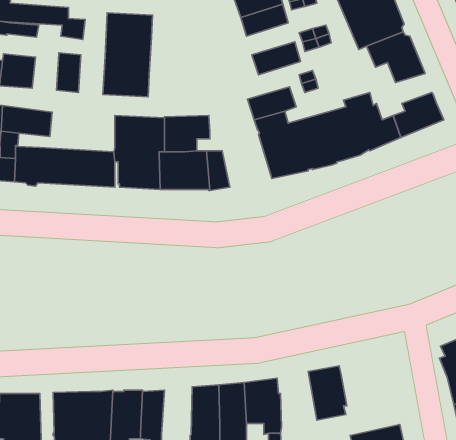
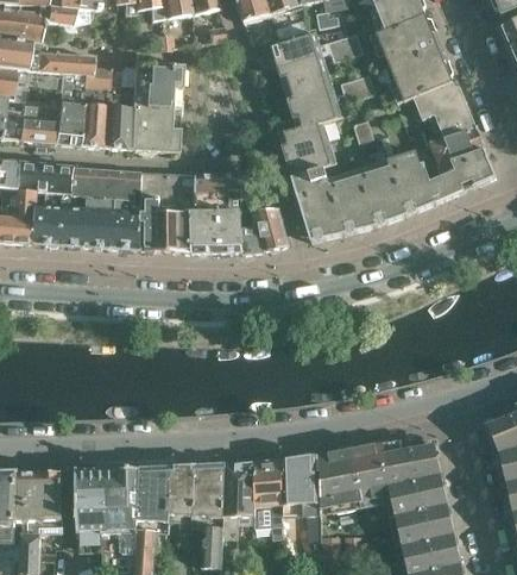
building: none -> [282,71,334,106]
building: none -> [51,102,80,144]
building: none -> [101,106,130,149]
building: none -> [276,113,341,154]
building: none -> [427,126,481,164]
building: none -> [59,168,140,211]
building: none -> [256,207,289,249]
building: none -> [384,444,447,517]
building: none -> [315,448,358,507]
building: none -> [190,464,223,517]

